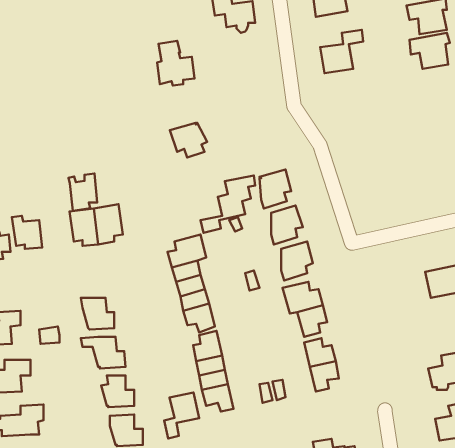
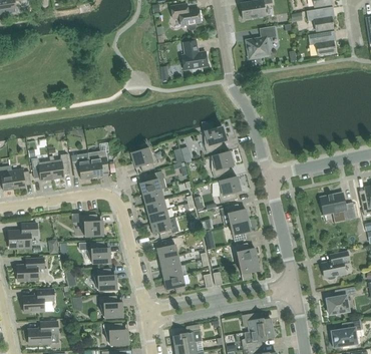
building: [157,41,195,86] -> [181,40,208,71]
building: [170,123,207,158] -> [130,147,156,171]
building: [69,174,97,211] -> [49,153,69,180]
building: [164,393,199,438] -> none

